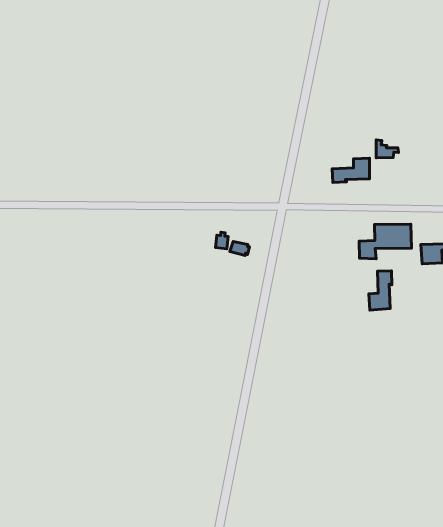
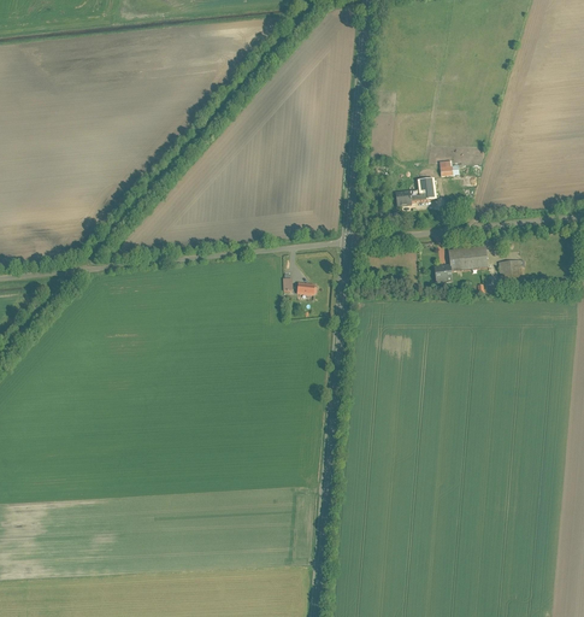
building: [369,271,392,310] -> none

